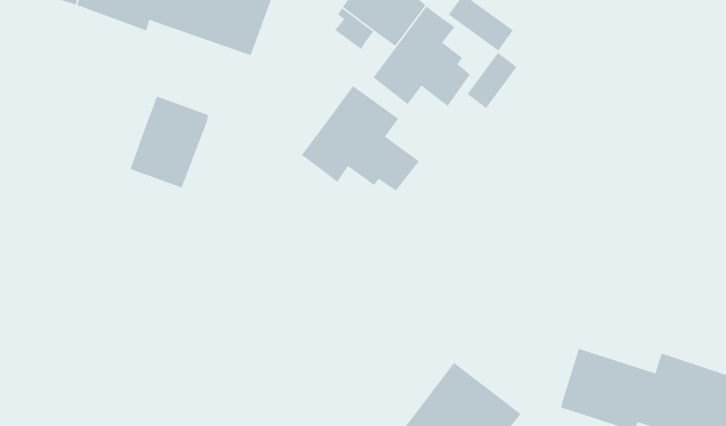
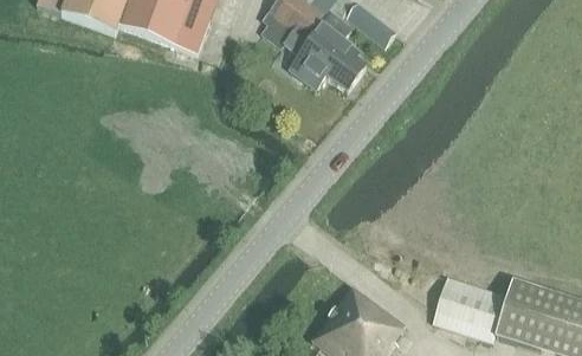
building: [467,52,518,109] -> none
building: [301,85,420,191] -> none
building: [130,96,209,189] -> none

